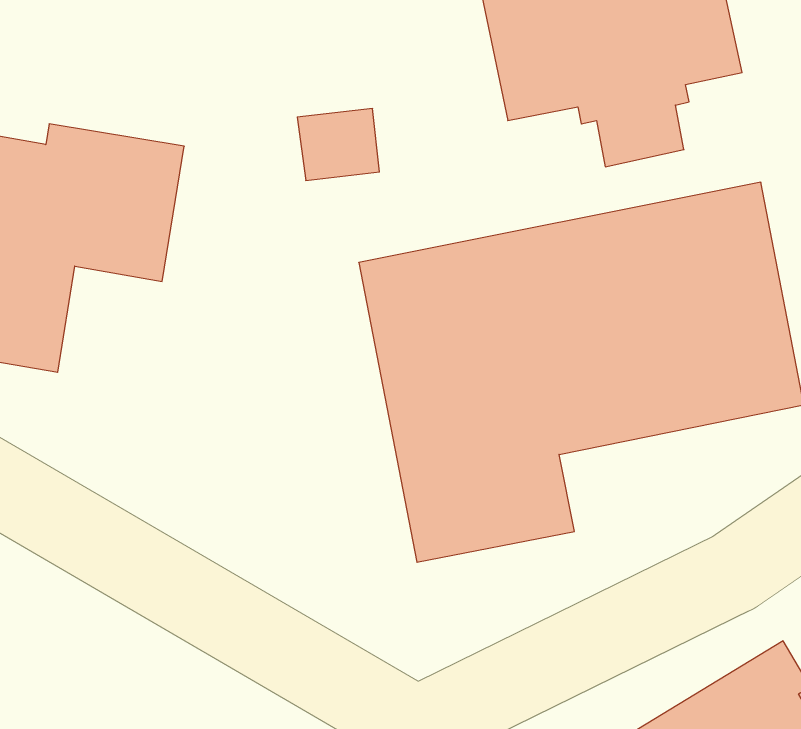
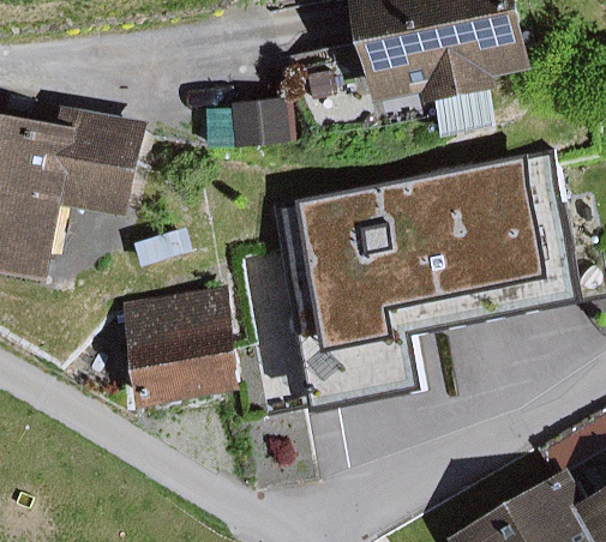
building: none -> [116,283,240,409]

